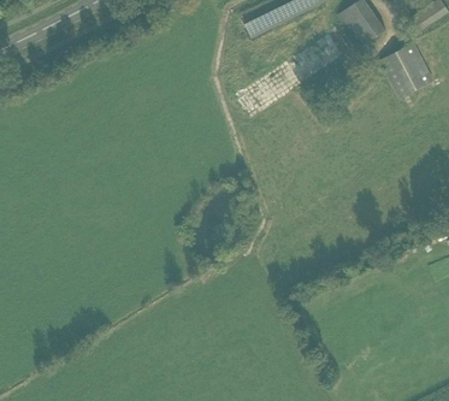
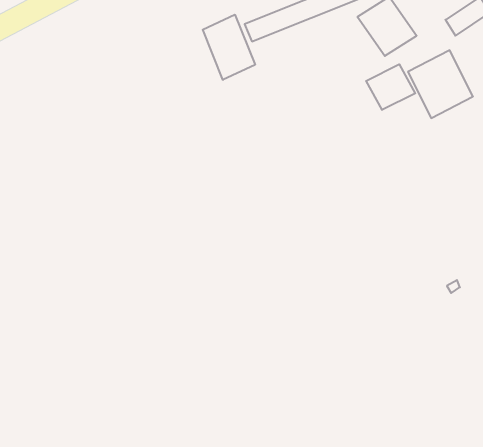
building: none -> [203,15,255,80]
building: none -> [366,64,415,110]

